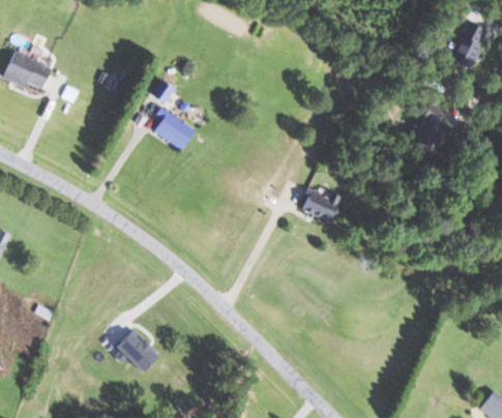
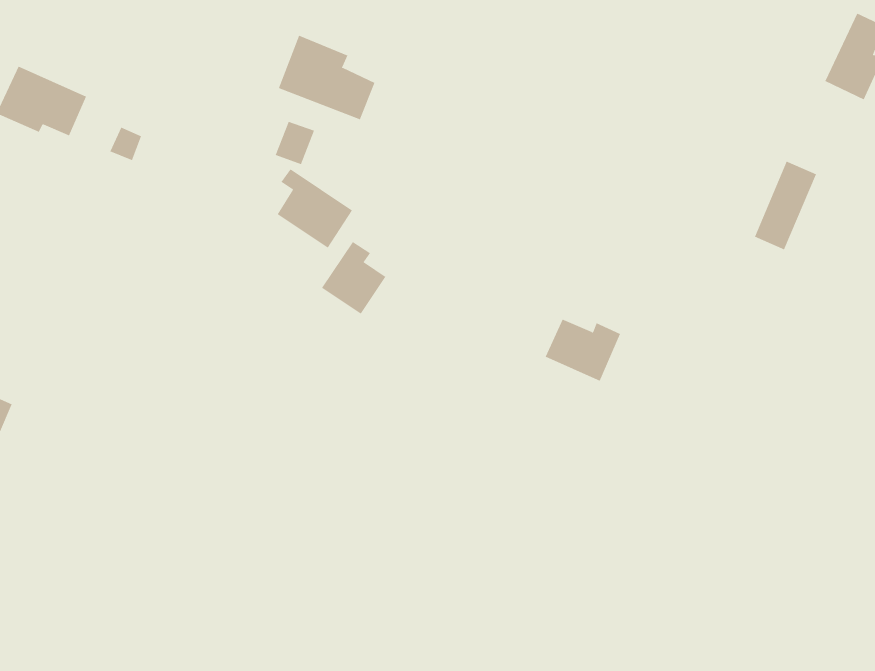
building: none -> [278,35,375,120]
building: none -> [321,241,386,314]
building: [115,328,159,372] -> none

